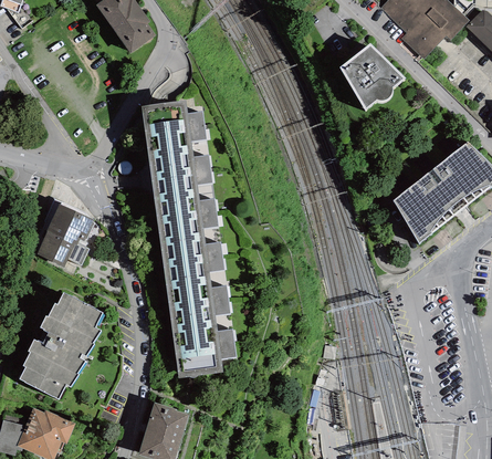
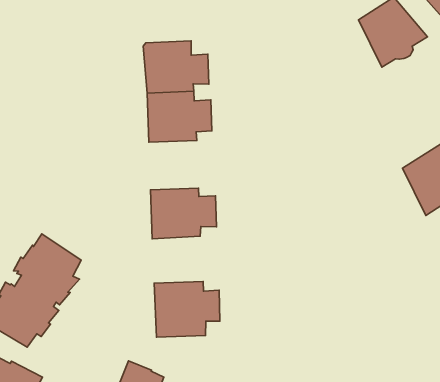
building: [155,190,218,240] -> none
building: [36,206,94,269] -> none
building: [166,279,231,326] -> none

